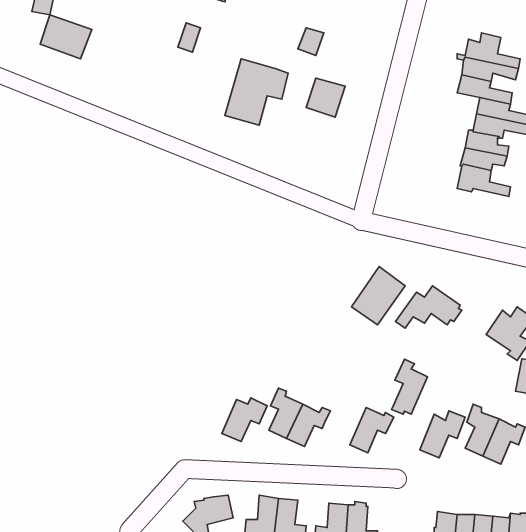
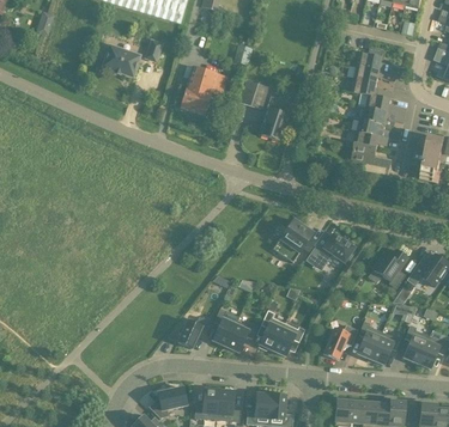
building: [40,15,92,59] -> [102,44,140,77]
building: none -> [259,97,292,141]
building: [392,359,427,414] -> [257,310,284,350]

